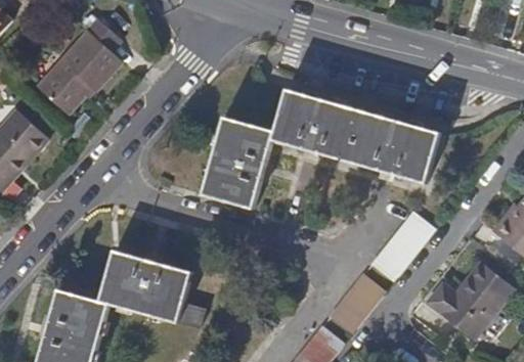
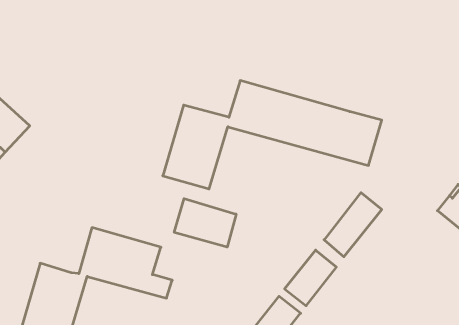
building: [37,16,124,112] -> none
building: none -> [174,199,236,247]
building: [426,264,511,340] -> none

